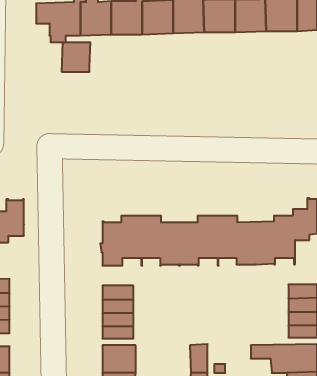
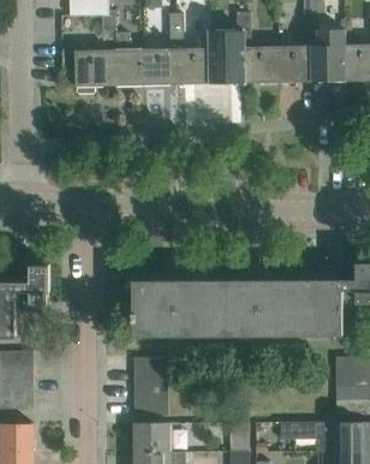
building: [62,42,90,72] -> none

